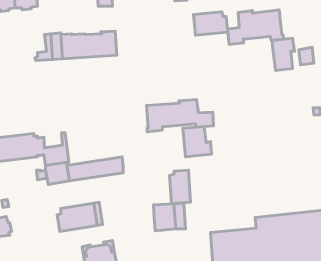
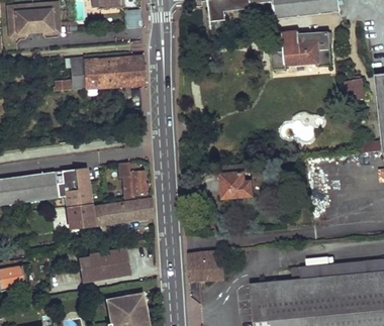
building: [194,12,228,35] -> none
building: [272,38,294,71] -> none
building: [146,100,214,132] -> none
building: none -> [121,164,143,200]
building: none -> [50,169,85,189]
building: [170,170,191,204] -> none

